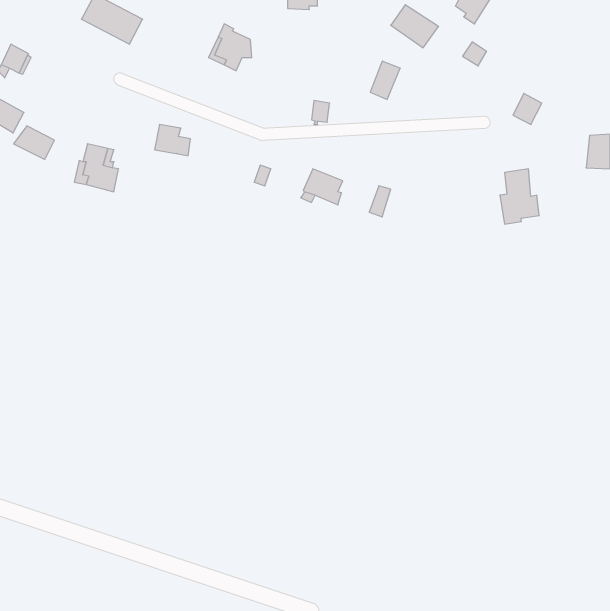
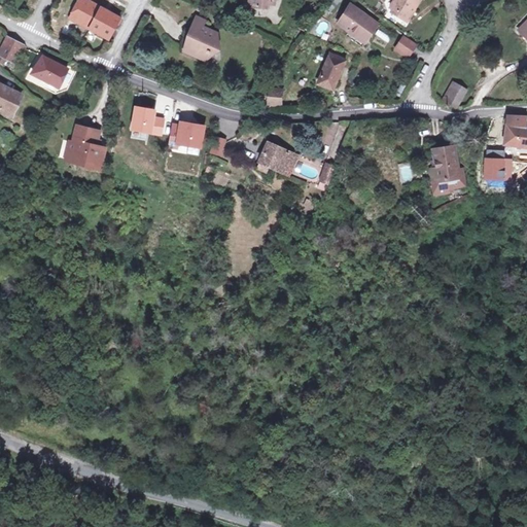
building: [14,126,54,159] -> [33,56,68,84]
building: none -> [170,121,205,146]
building: none -> [482,149,510,179]

